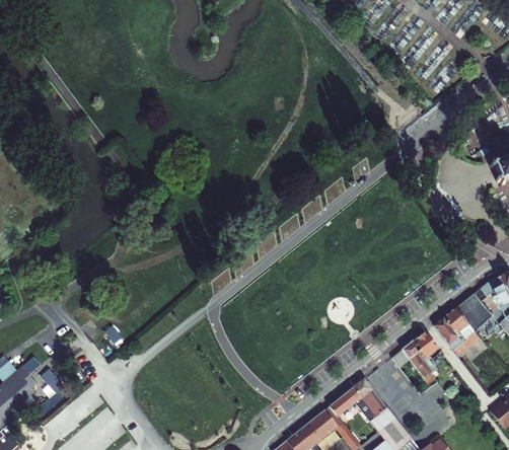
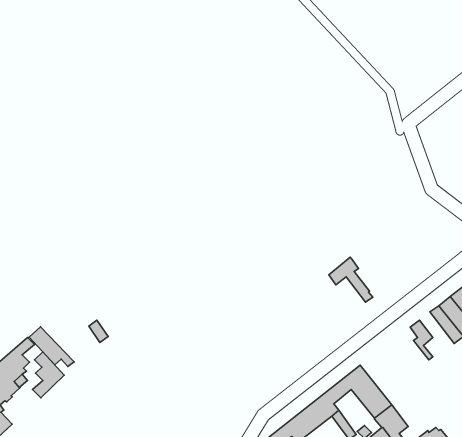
building: [392,340,436,384] -> [329,257,373,302]
building: none -> [29,327,74,366]

